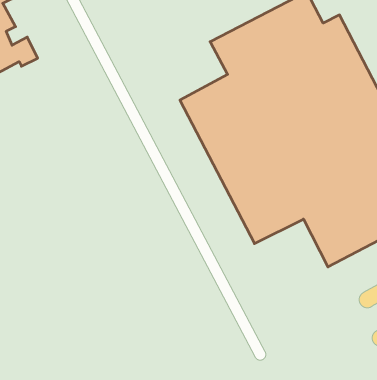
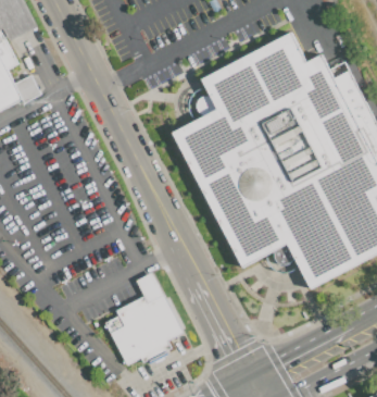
building: none -> [104,273,184,368]

